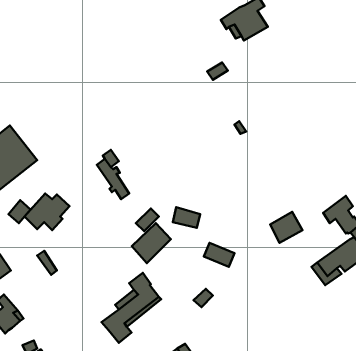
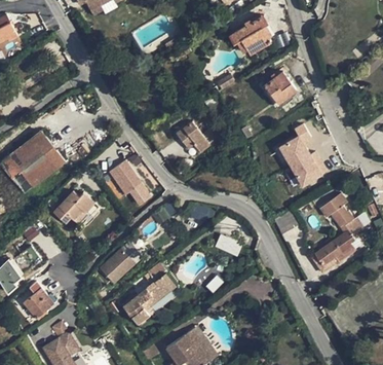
building: none -> [261,70,296,104]
building: none -> [176,121,215,152]
building: none -> [275,124,328,186]
building: [132,223,171,263] -> [100,248,135,284]

